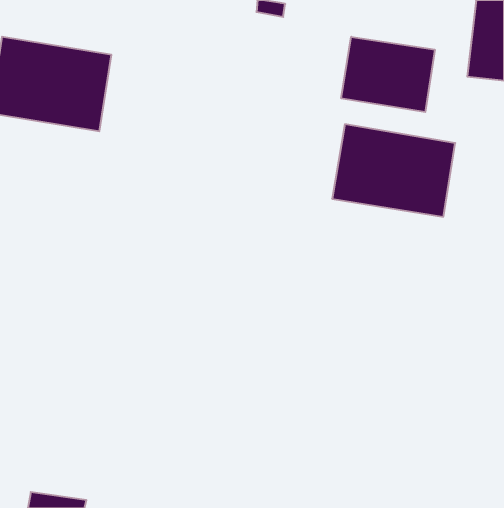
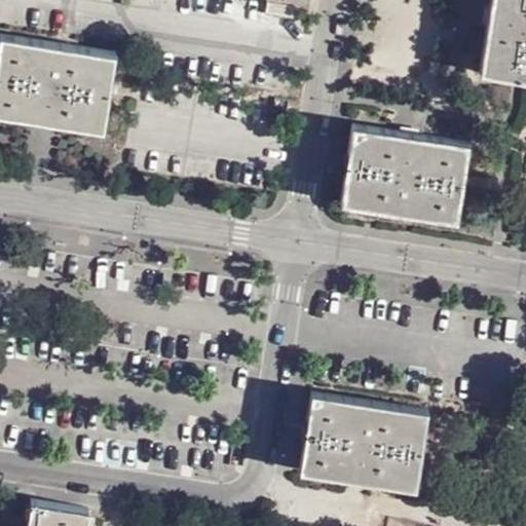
building: [341,37,435,112] -> none
building: none -> [304,401,431,494]

